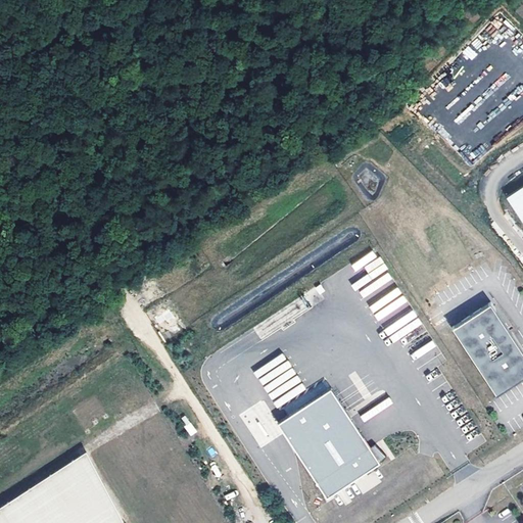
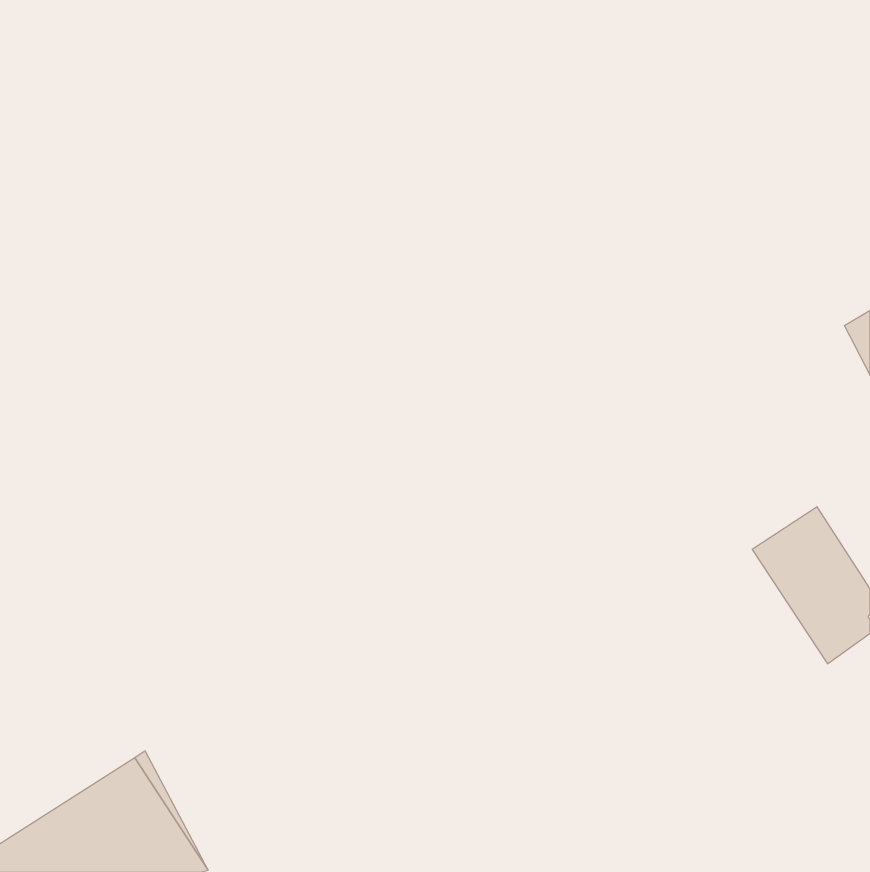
building: [282,393,383,502] -> none

